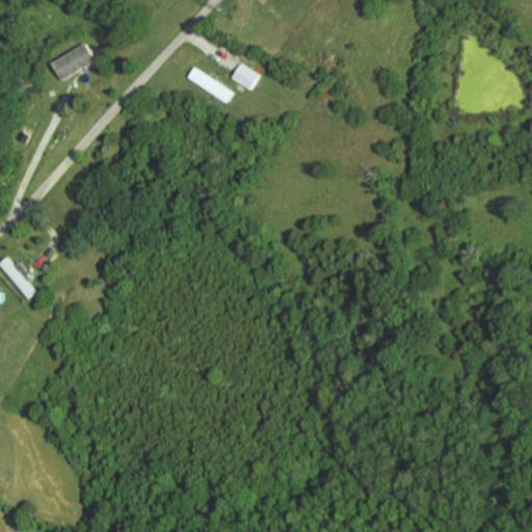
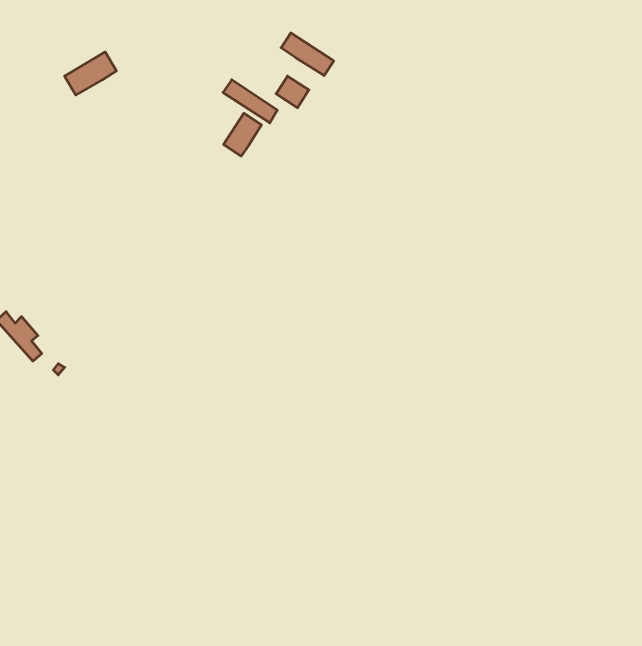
building: none -> [281,33,334,76]
building: none -> [224,113,261,156]

